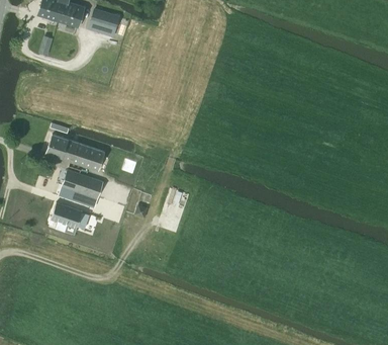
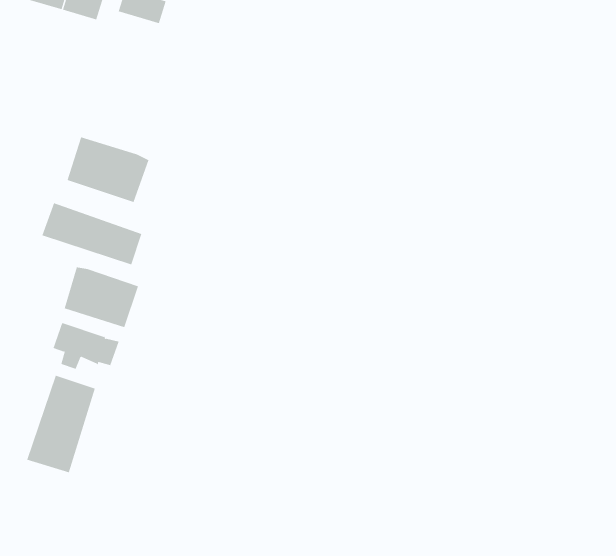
building: none -> [67,136,149,203]
building: none -> [26,375,95,473]

